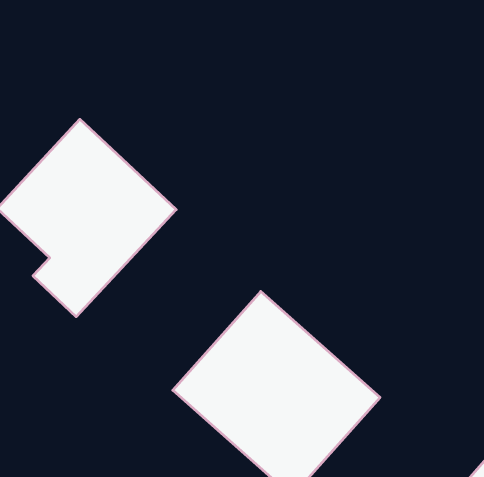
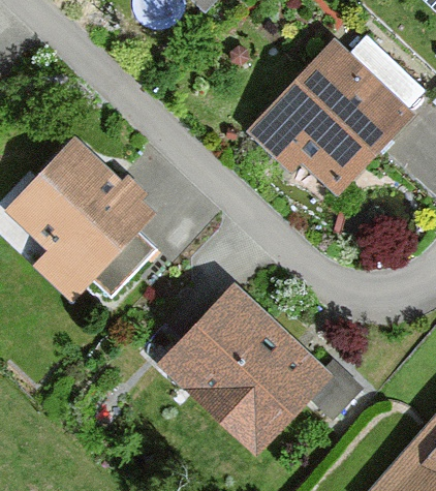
building: none -> [246,40,413,194]

